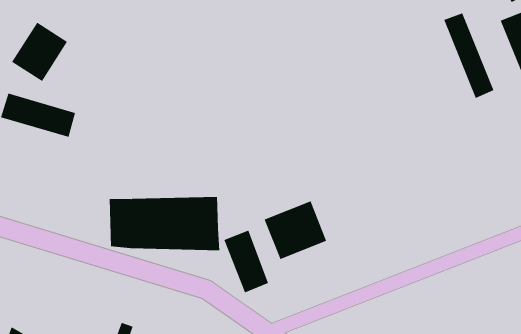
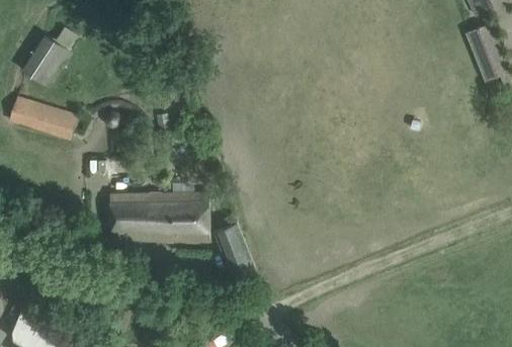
building: [444,13,494,99] -> none
building: [264,201,327,260] -> none

